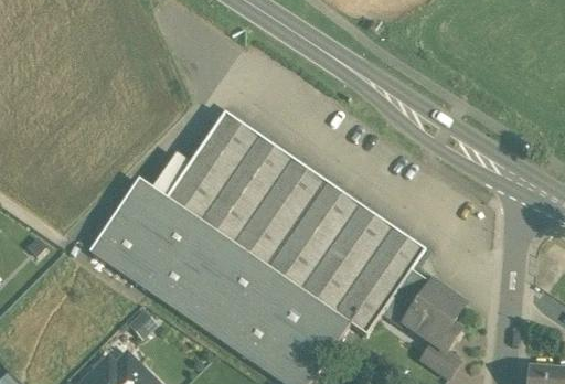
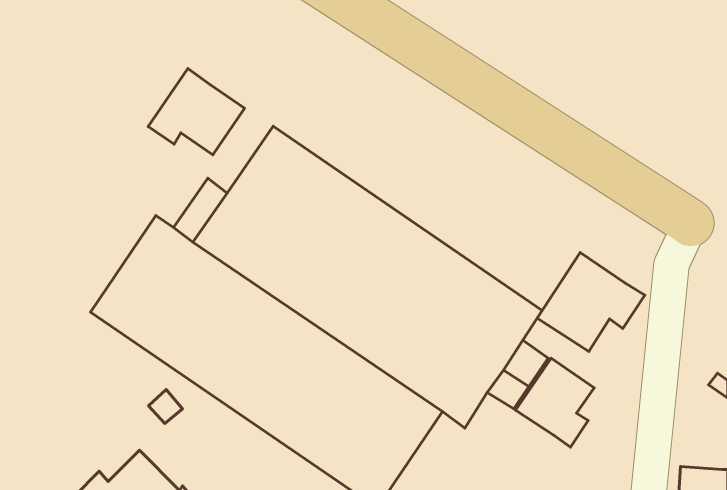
building: none -> [148,68,244,155]
building: none -> [537,252,645,352]
building: [424,342,460,376] -> none

